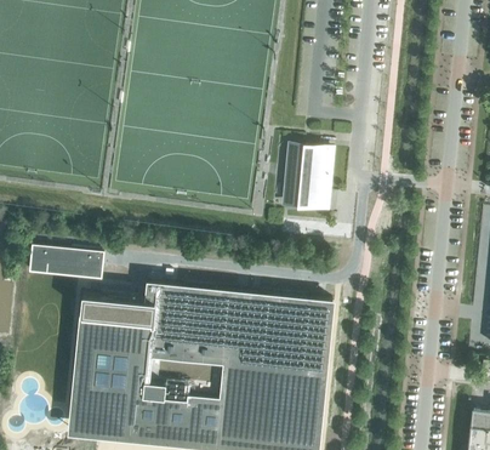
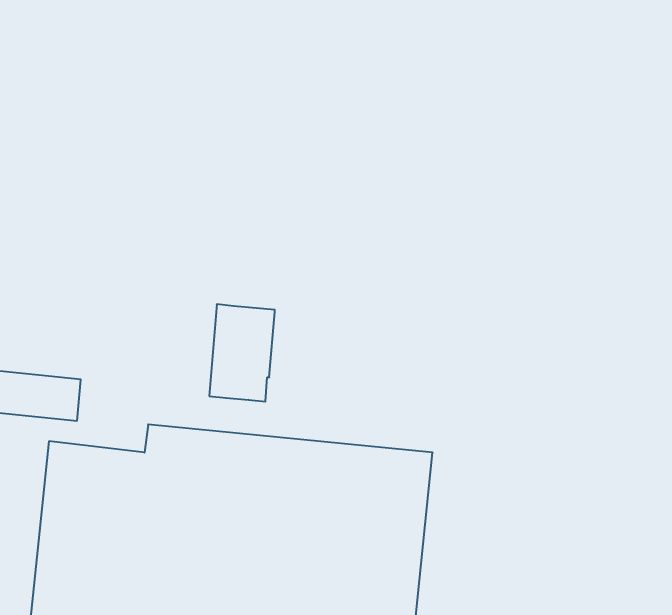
building: [289,148,331,211] -> [209,304,275,402]

